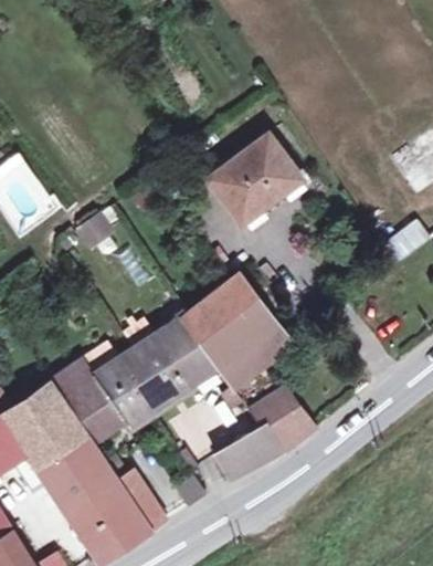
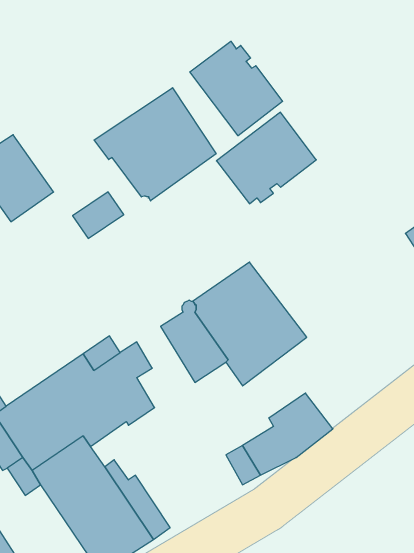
building: none -> [190,41,283,136]
building: none -> [94,88,216,201]
building: [134,334,188,409] -> none

